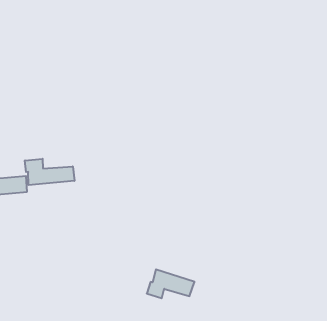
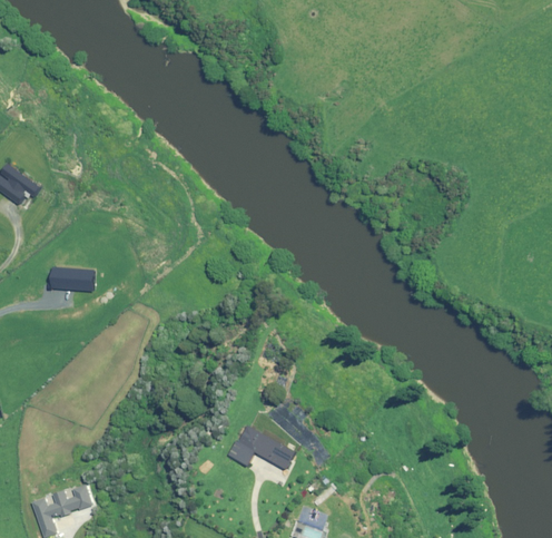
building: [25,159,74,185] -> none

